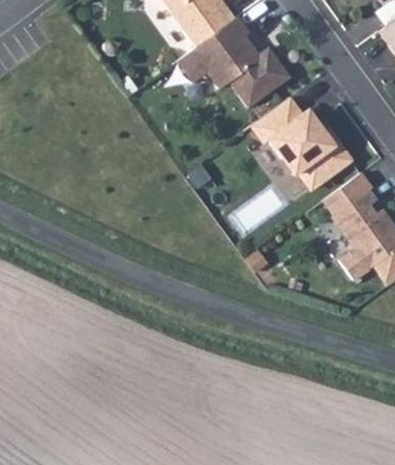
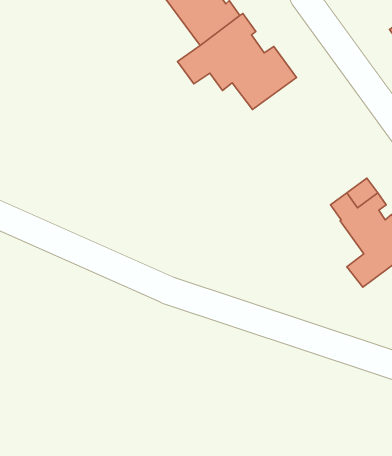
building: [252,97,353,189] -> none

